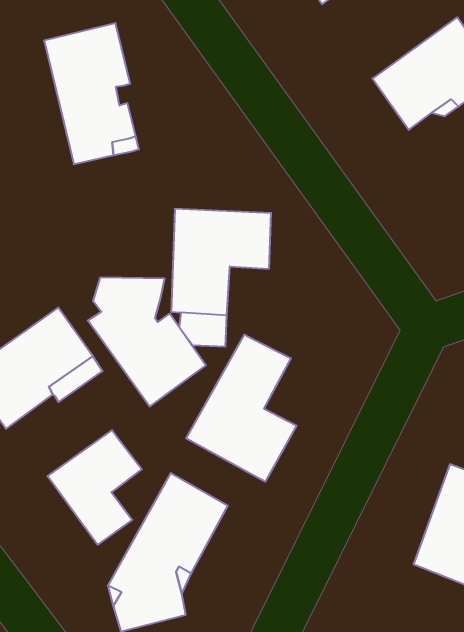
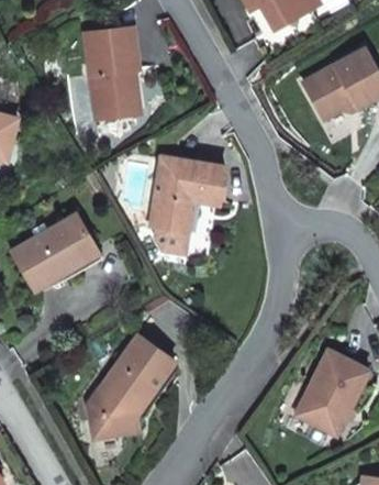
building: [88,277,206,407] -> none
building: [186,335,297,482] -> none
building: [47,430,142,545] -> none

